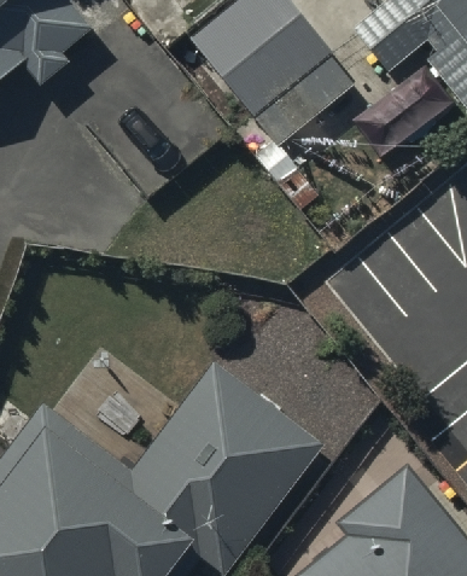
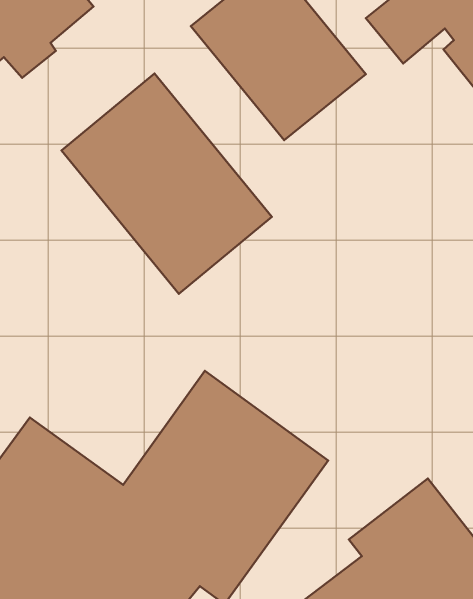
building: none -> [62,73,272,294]

